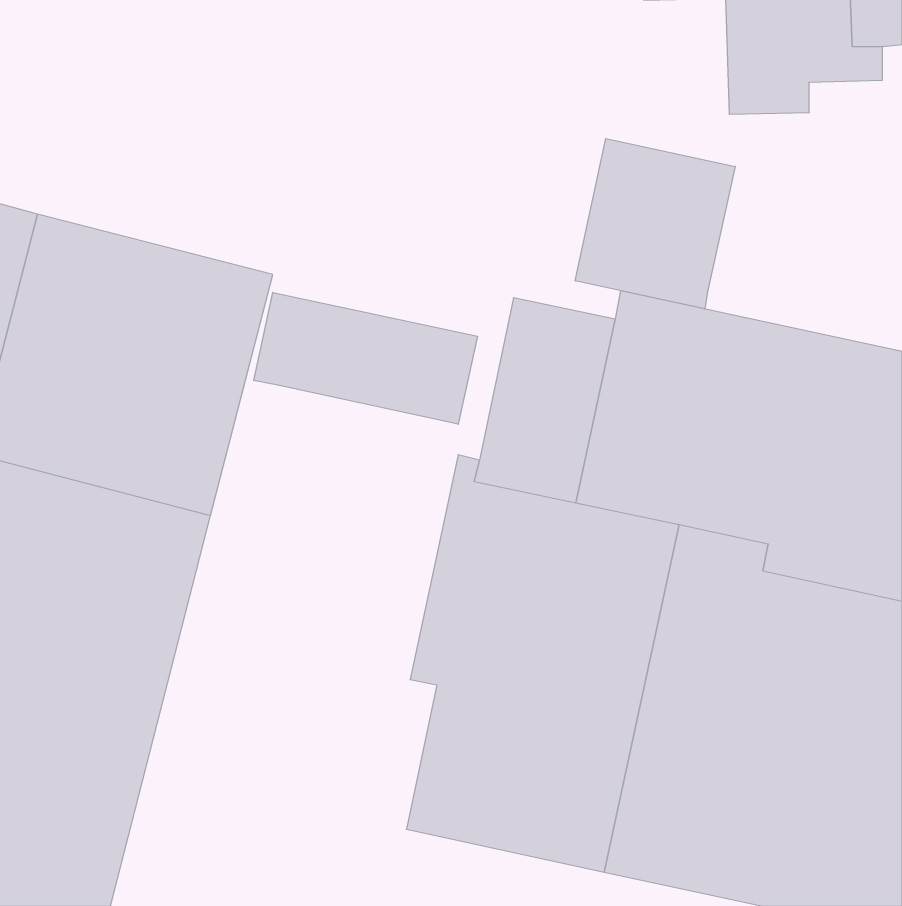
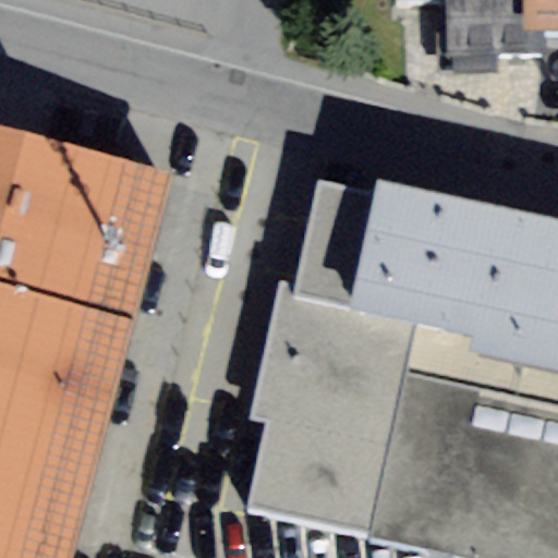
building: [575,139,735,309] -> none
building: [254,292,477,424] -> none

